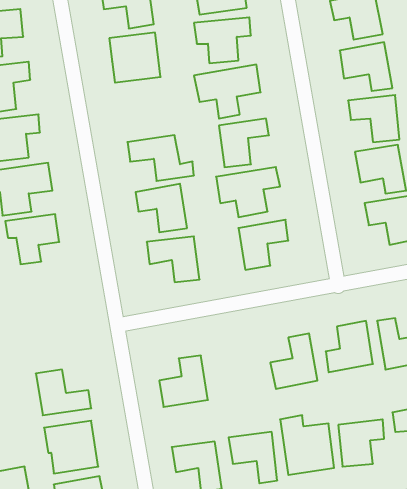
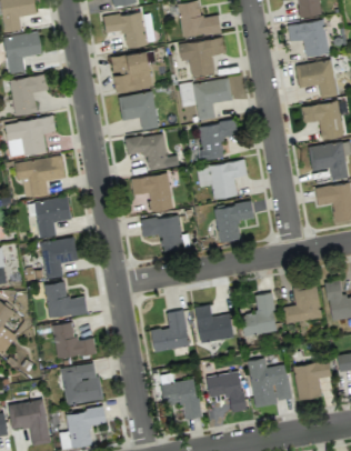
building: none -> [119,91,159,130]
building: none -> [41,237,78,279]
building: none -> [44,281,88,318]
building: none -> [195,304,233,342]

